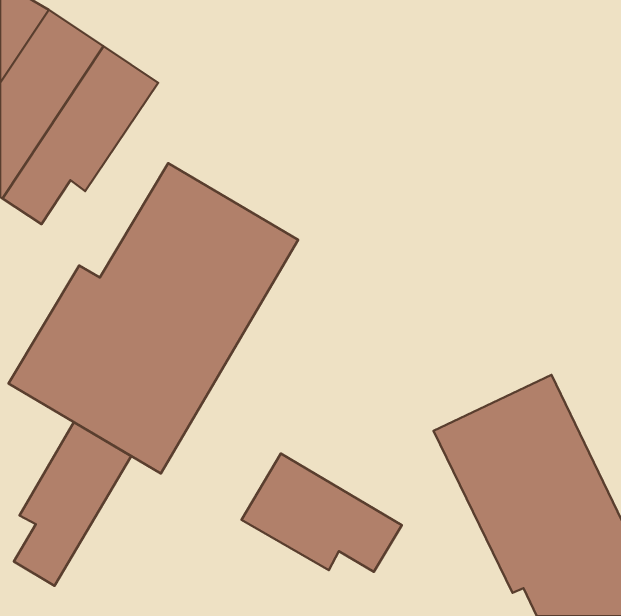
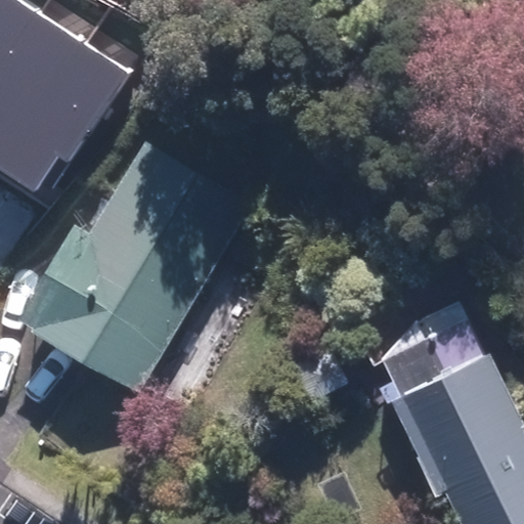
building: [14,422,131,586] -> none
building: [242,453,402,572] -> none

